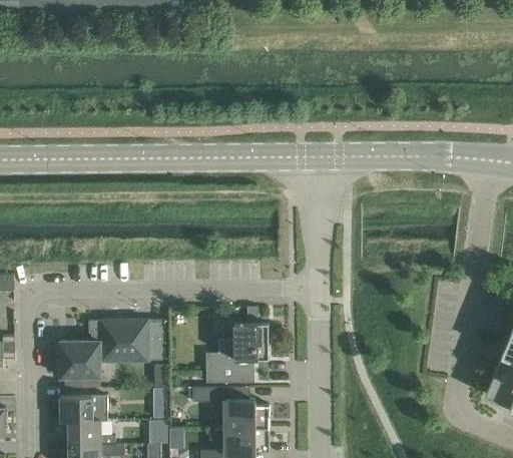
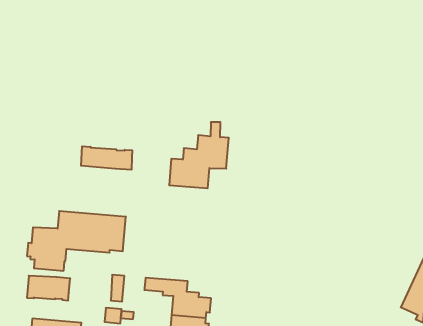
building: none -> [81,146,132,170]
building: [204,307,268,383] -> [169,122,229,188]
building: [67,420,114,445] -> none

